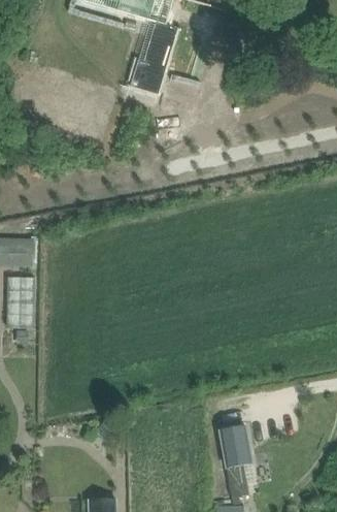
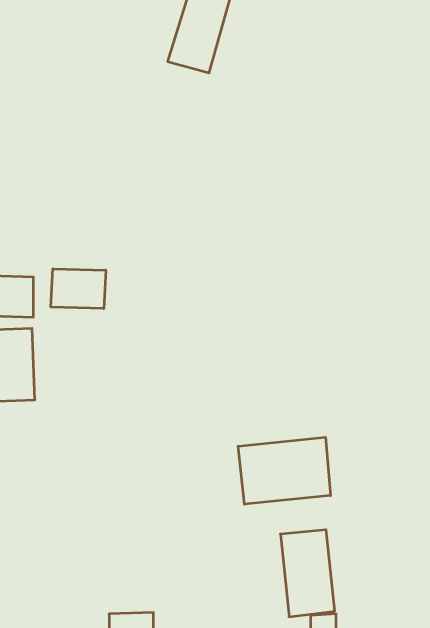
building: none -> [51,269,106,309]
building: none -> [238,437,330,504]

